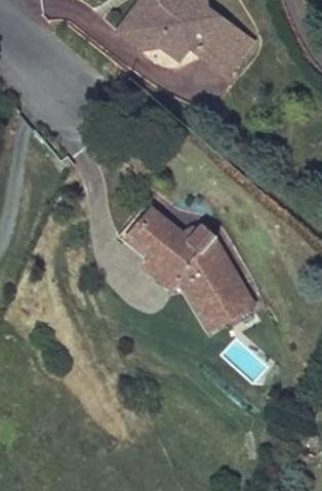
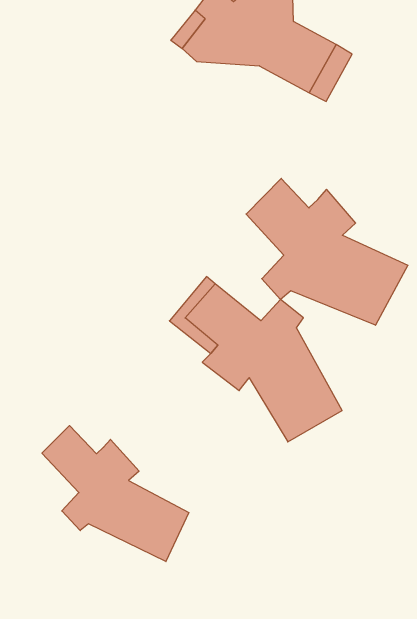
building: none -> [246,178,408,325]
building: none -> [42,426,189,562]

